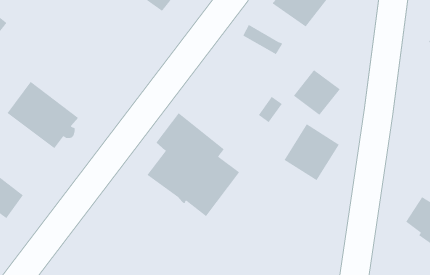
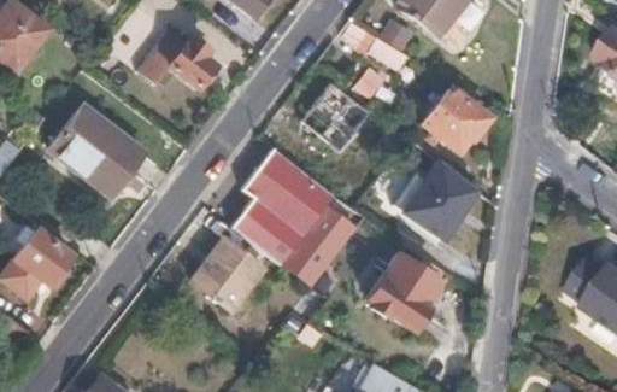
building: none -> [136,33,215,89]
building: none -> [300,86,368,153]
building: none -> [192,232,271,312]
building: none -> [368,257,437,329]

